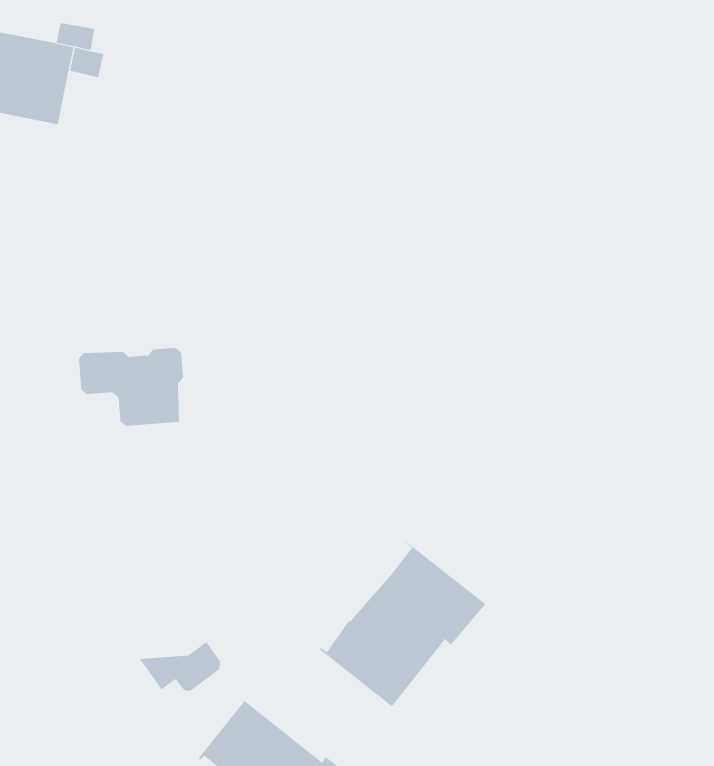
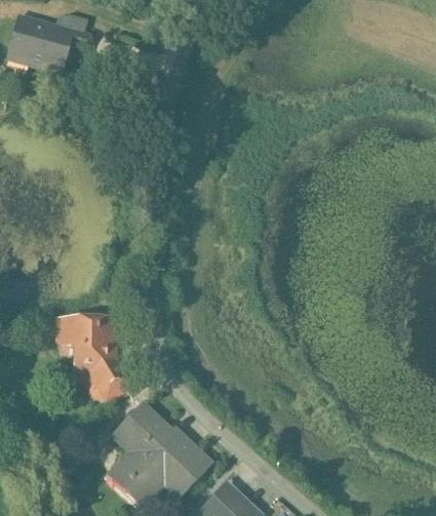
building: [78,348,184,426] -> [57,316,116,359]
building: [319,540,486,707] -> none

